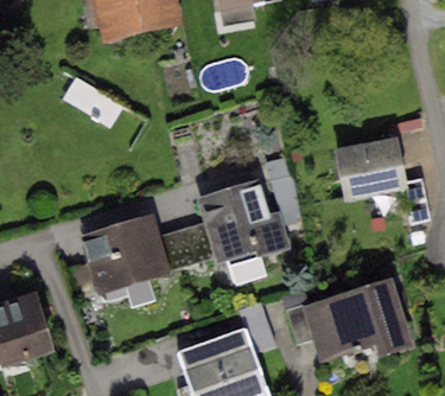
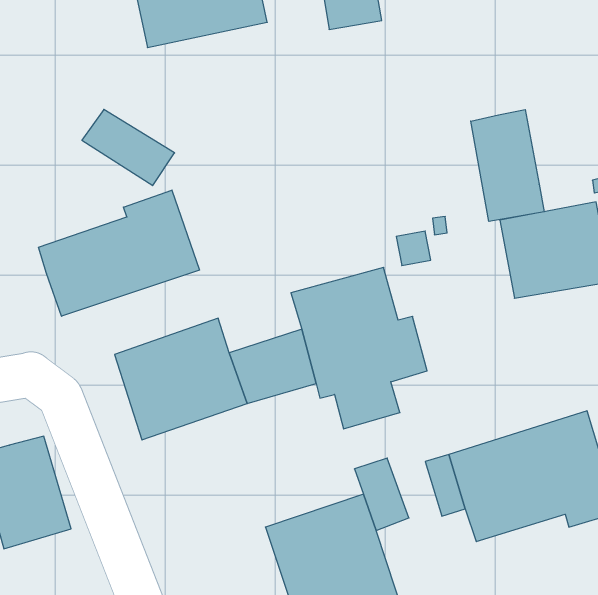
building: none -> [471,110,544,221]
building: none -> [38,190,199,316]

